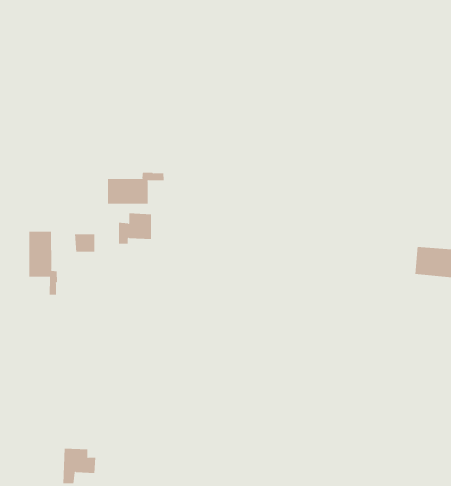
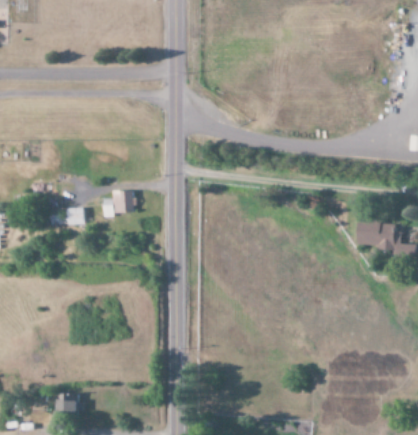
building: [107,172,164,204] -> none
building: [29,231,57,296] -> none

